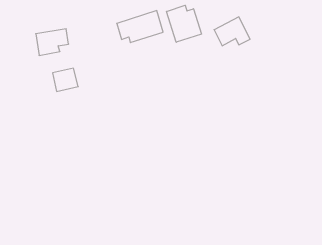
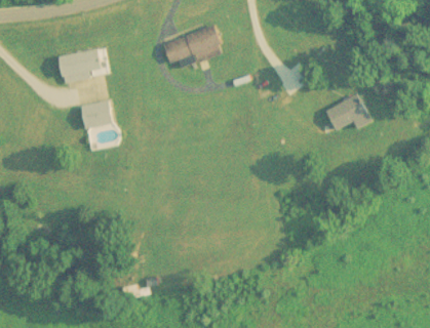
building: [167,5,201,42] -> none
building: [214,17,250,46] -> [324,92,370,129]

